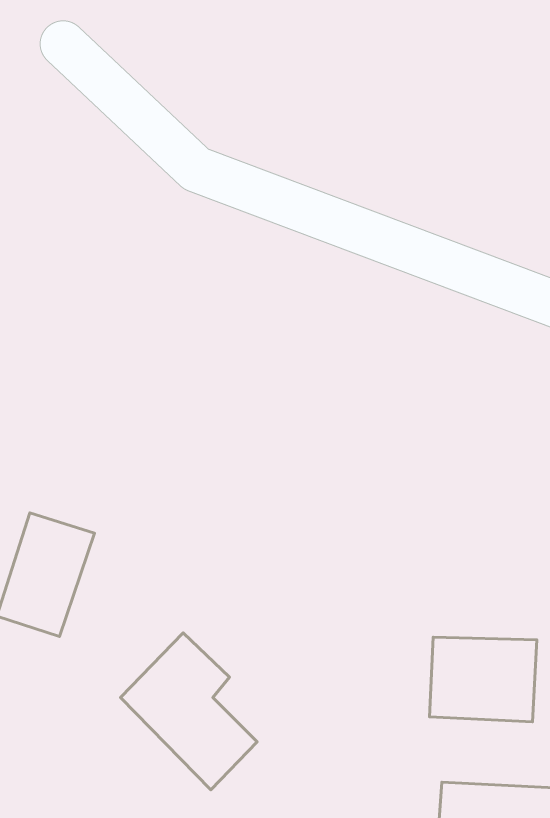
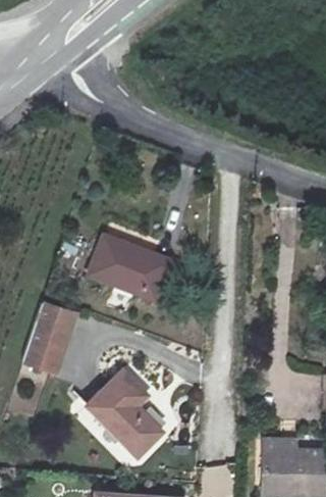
building: none -> [88,236,168,297]
building: [430,637,537,722] -> none

